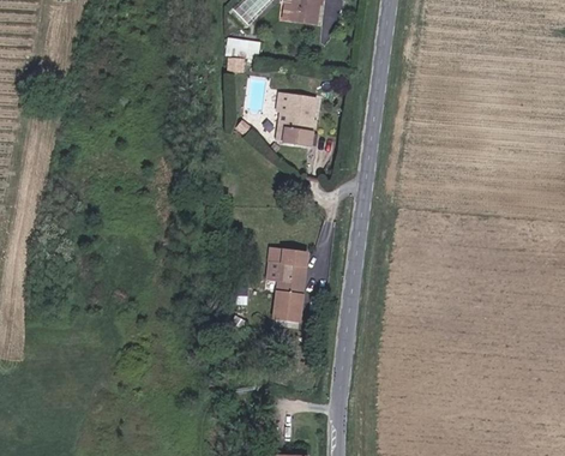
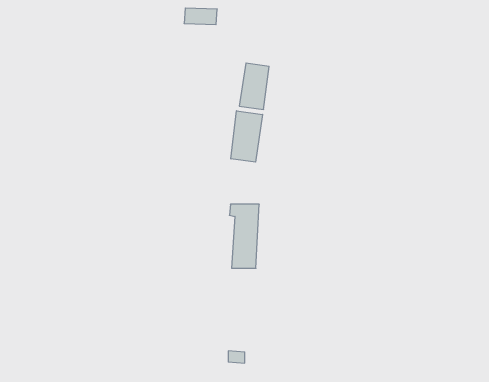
building: none -> [231,111,263,162]

